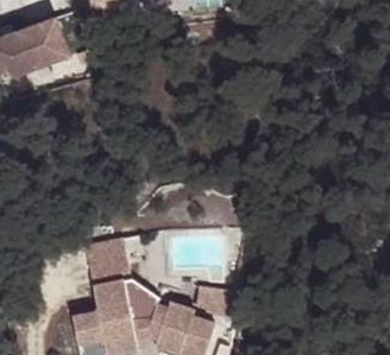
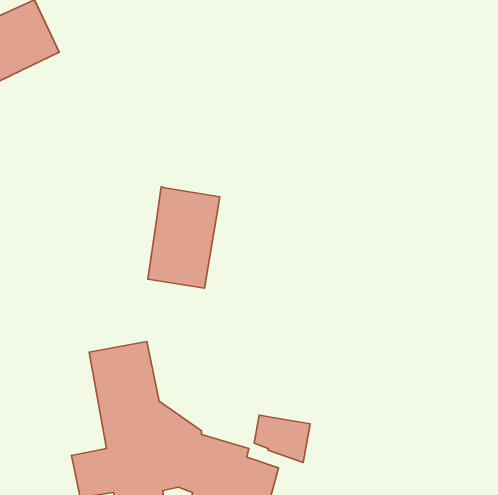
building: none -> [148,187,220,288]

